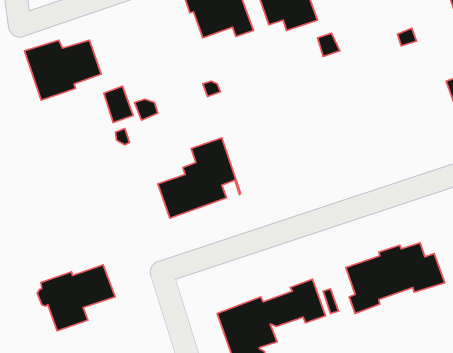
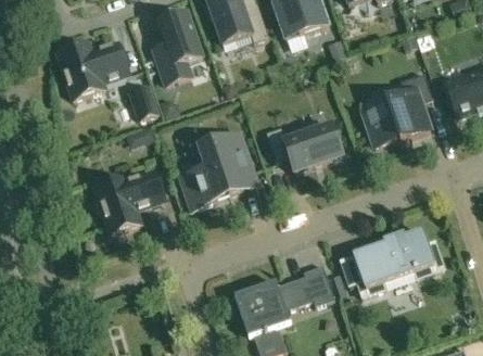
building: none -> [153,10,201,81]
building: none -> [363,71,432,142]
building: none -> [266,122,341,169]
building: [37,265,115,331] -> [92,169,164,230]

